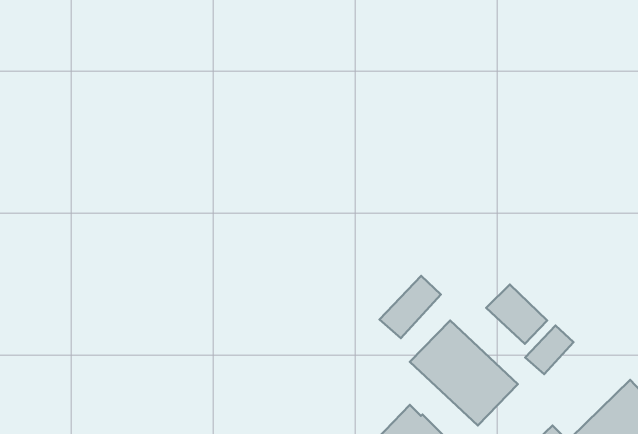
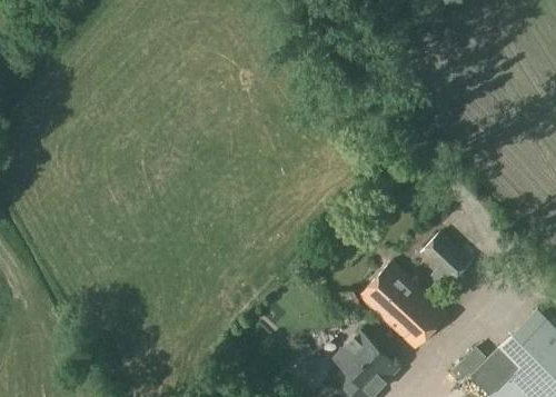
building: [379,276,441,338] -> none
building: [525,326,573,374] -> none

